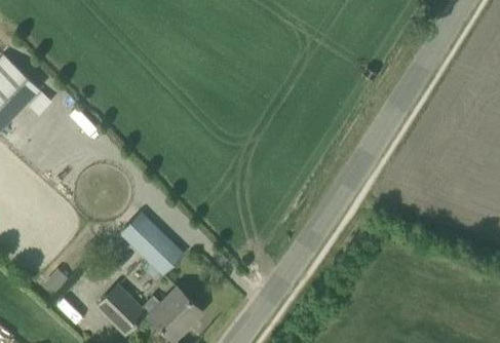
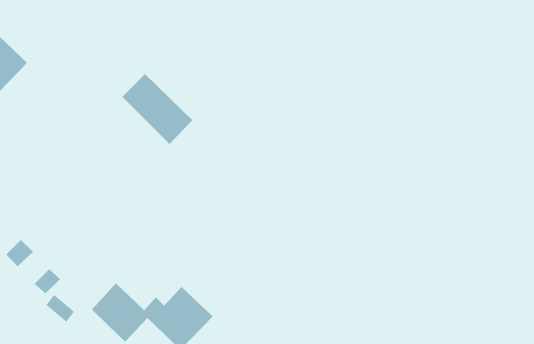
building: [120,213,183,275] -> [121,73,193,145]

